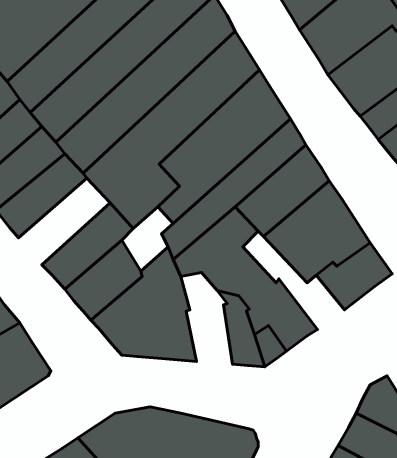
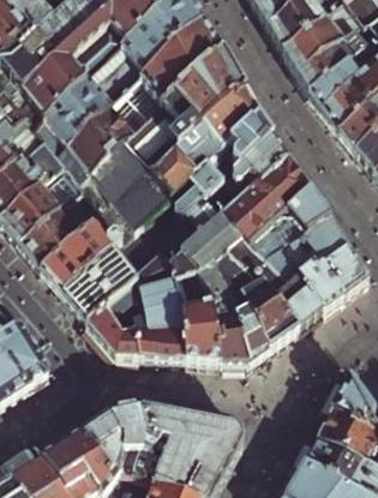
building: none -> [20,186,106,266]
building: none -> [229,235,324,326]
building: none -> [172,274,220,359]

